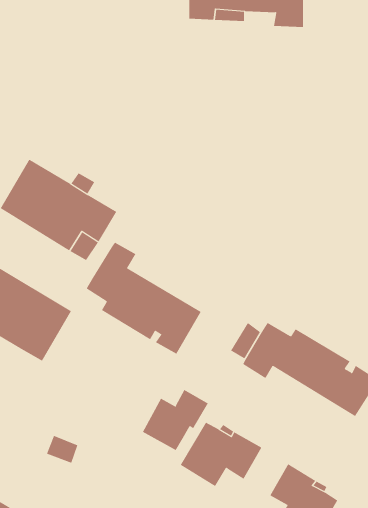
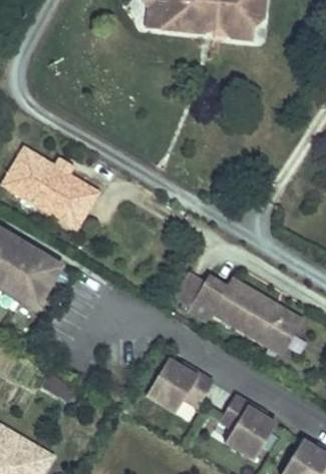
building: [86,242,202,355] -> none
building: [142,389,209,451] -> none

